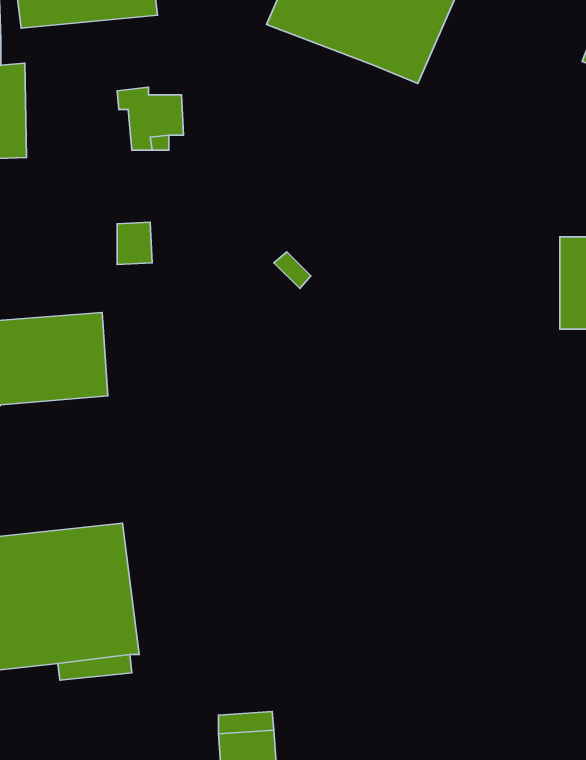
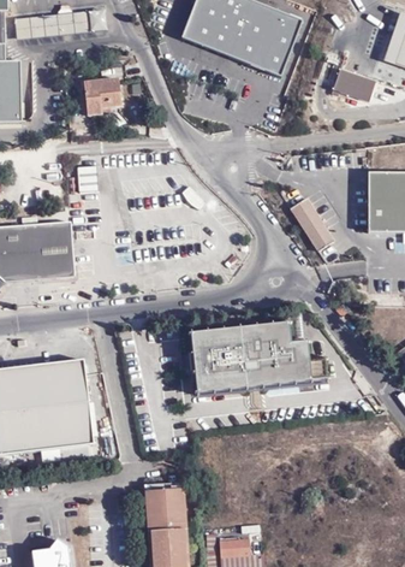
building: none -> [330,63,375,96]
building: none -> [290,197,343,250]
building: none -> [190,321,326,391]

